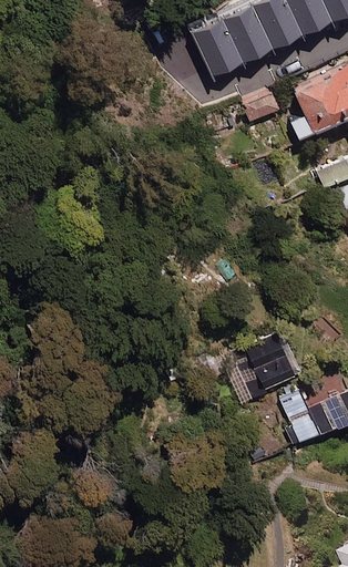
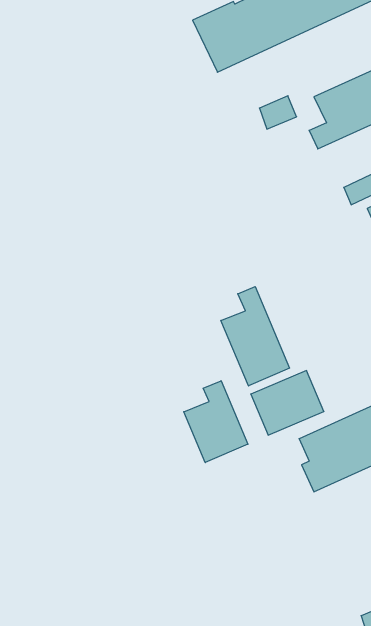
building: none -> [221,287,290,386]
building: none -> [184,381,248,463]

